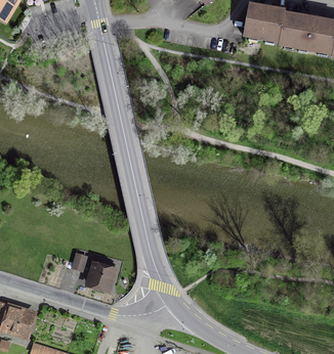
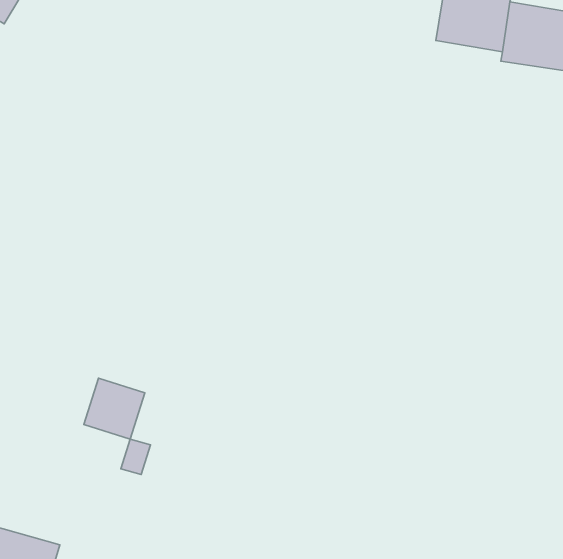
building: [85,263,119,297] -> [84,378,145,439]

